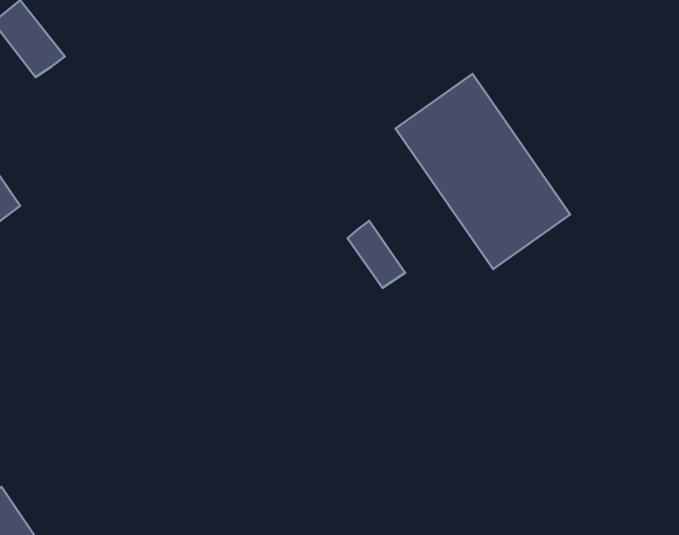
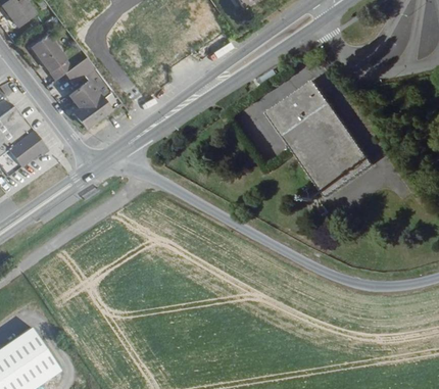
building: none -> [63,58,117,130]
building: [347,221,405,288] -> none

